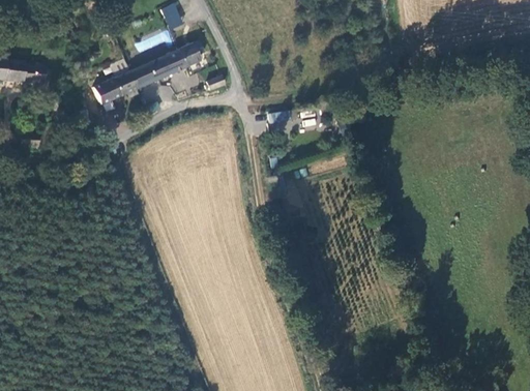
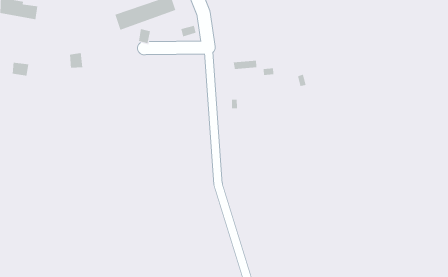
building: [94,71,138,104] -> none

